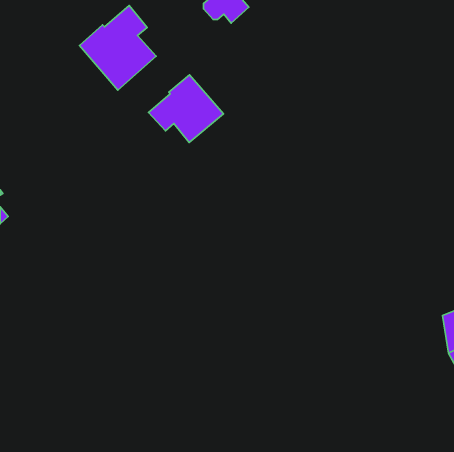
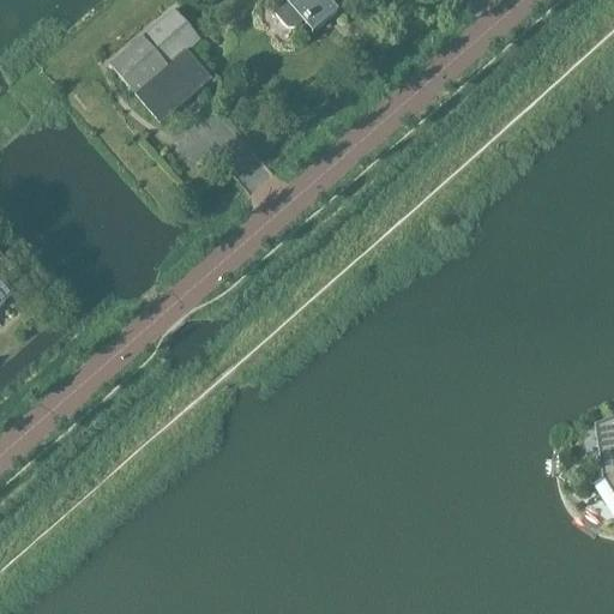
building: [149,75,223,143] -> none

